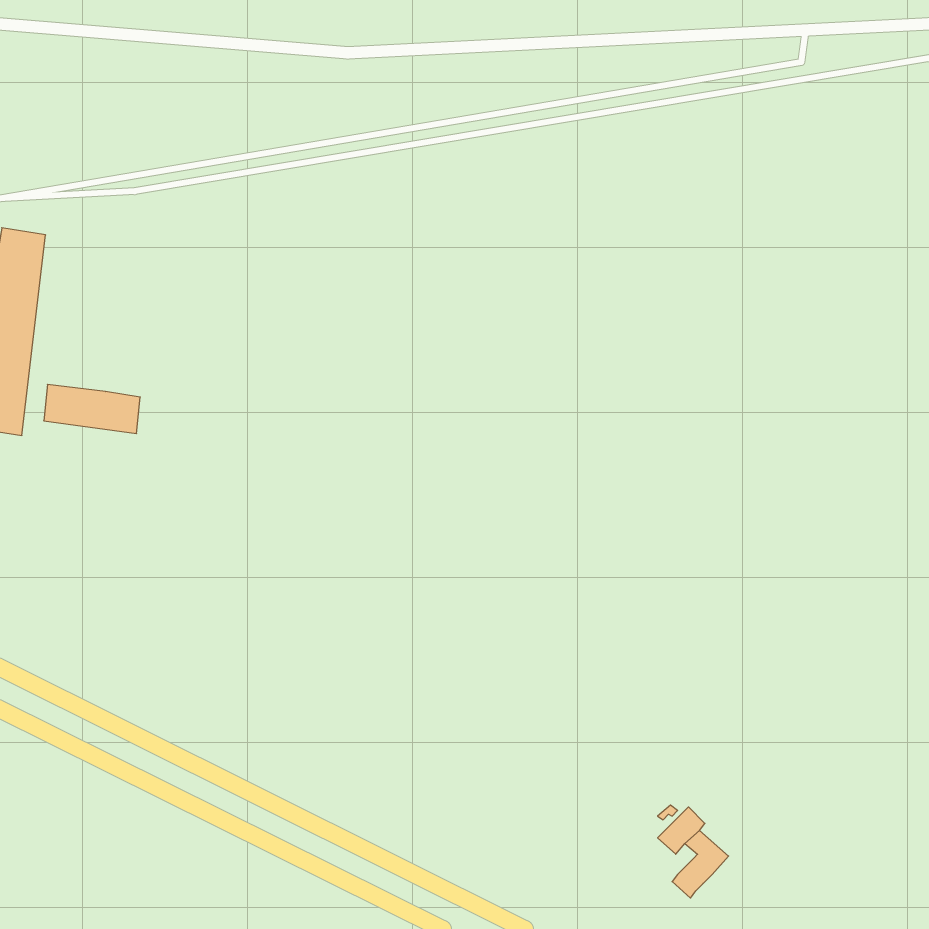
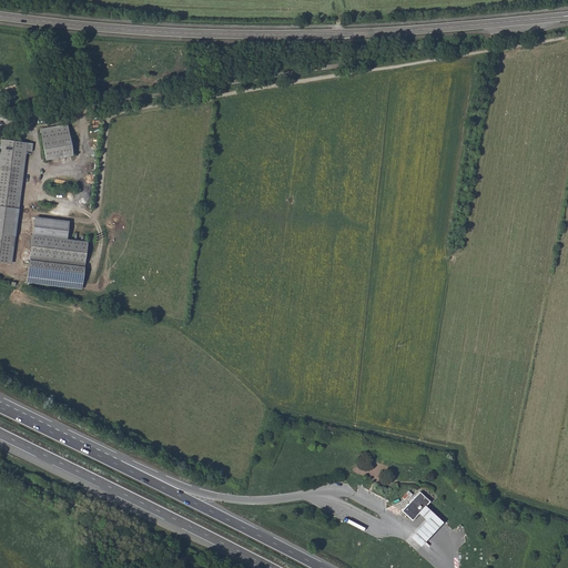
building: none -> [39,123,75,161]
building: none -> [29,215,65,239]
building: none -> [26,256,83,288]

